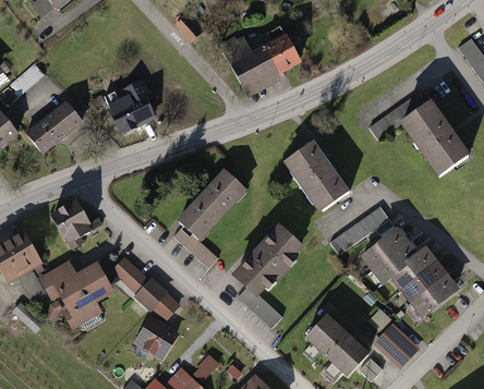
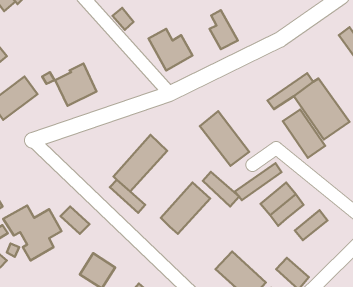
building: [262,25,297,73] -> [209,10,238,49]
building: none -> [283,109,325,158]
building: [50,202,89,245] -> none
building: [391,251,433,289] -> none
building: [134,277,180,320] -> none
building: [412,277,452,313] -> none
building: [238,284,282,327] -> [203,172,239,206]

